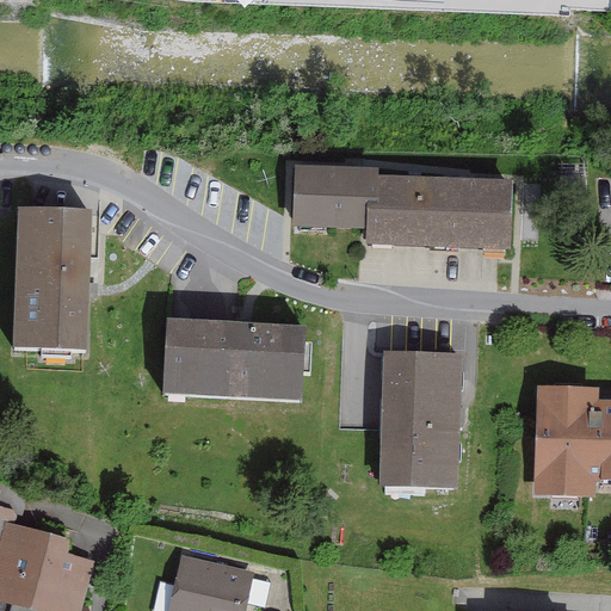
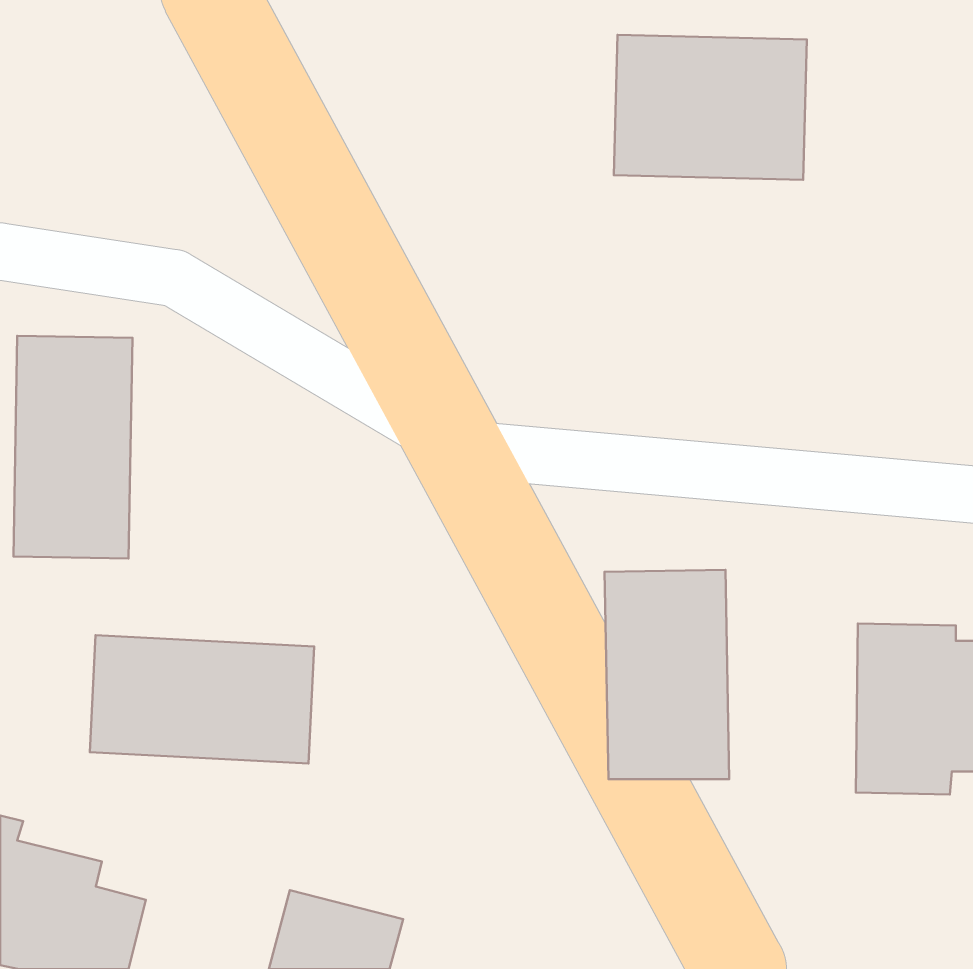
building: none -> [614,35,807,180]
building: [294,166,508,247] -> none
building: [162,319,302,399] -> [90,635,314,764]

